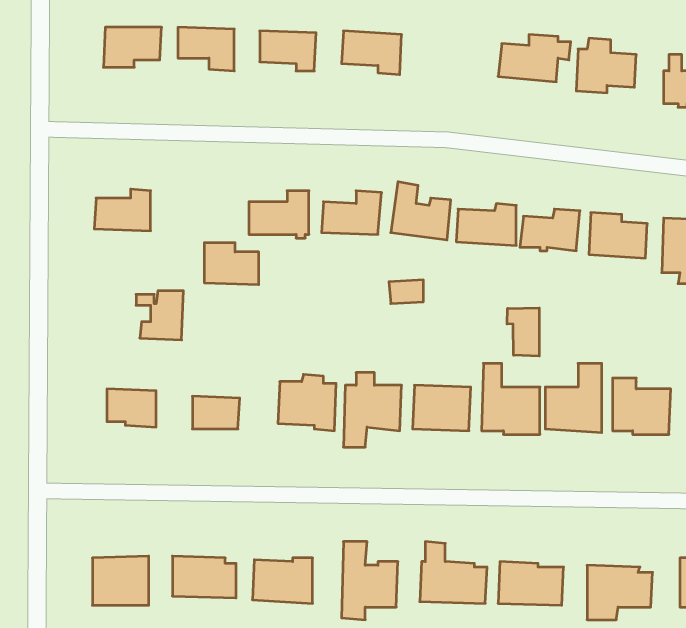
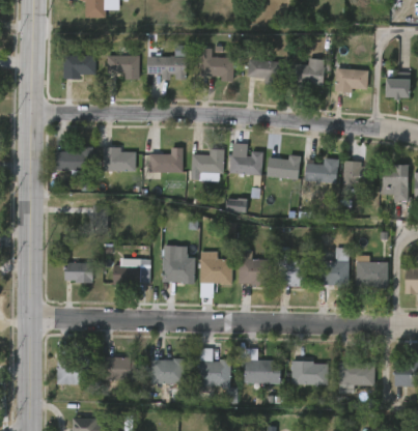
building: none -> [247,59,282,86]
building: [204,243,259,285] -> [100,147,131,171]
building: [507,308,539,356] -> none

